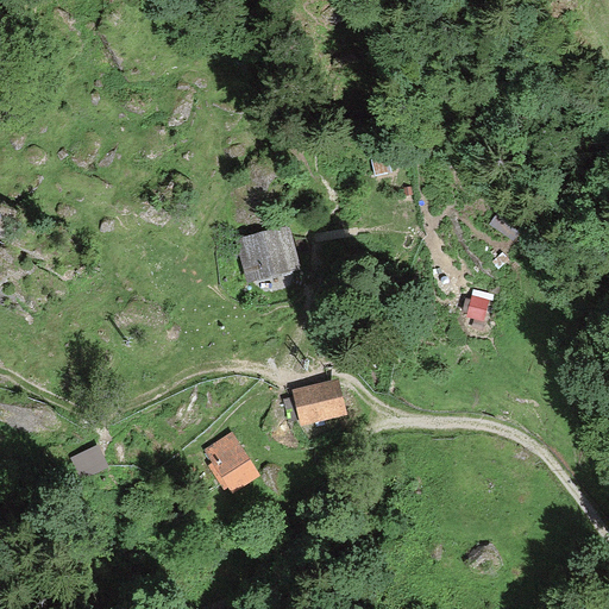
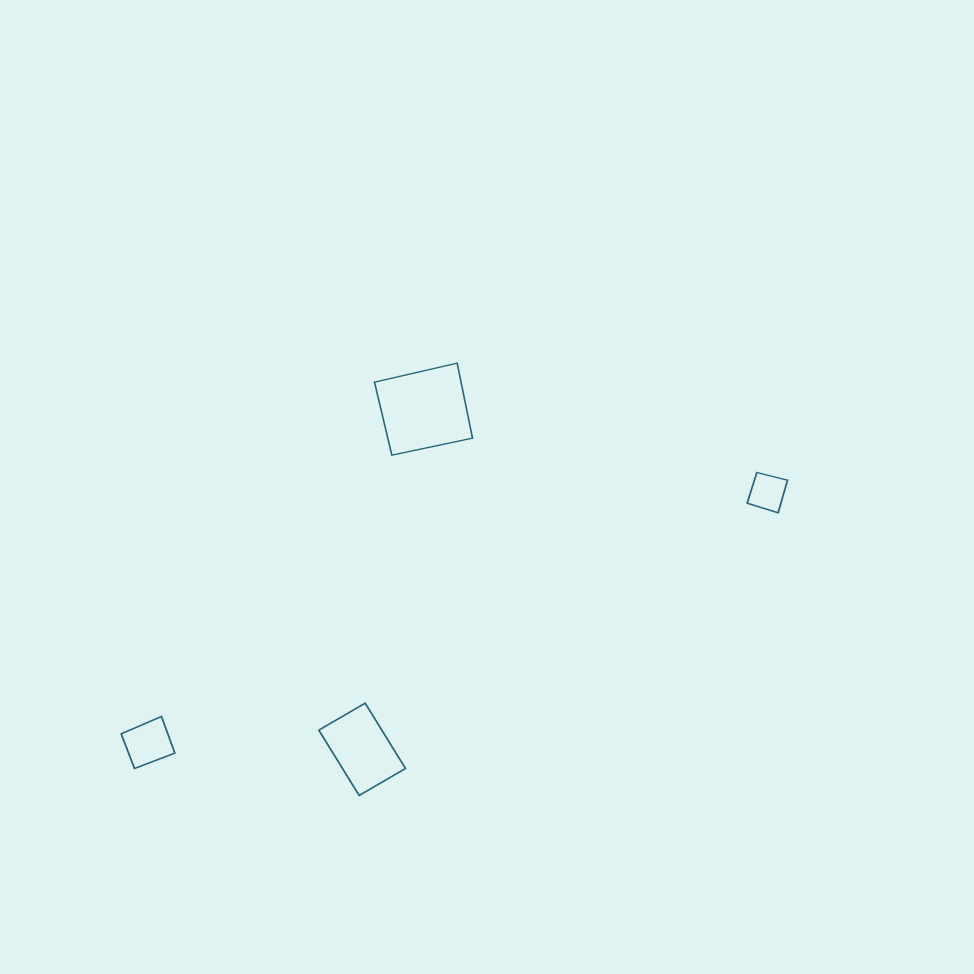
building: [290,379,344,425] -> none

